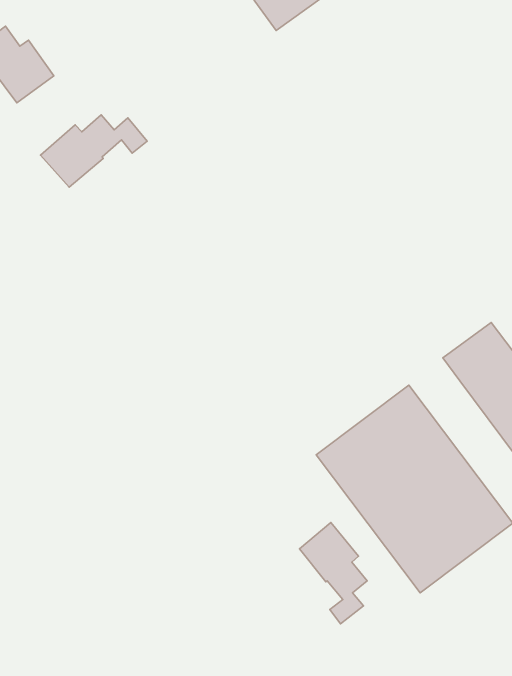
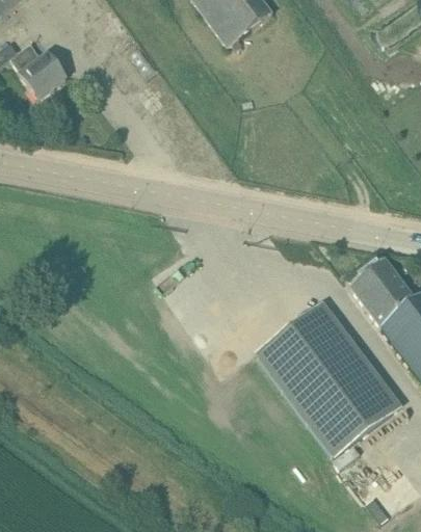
building: [41,115,147,187] -> none
building: [299,523,367,624] -> none

